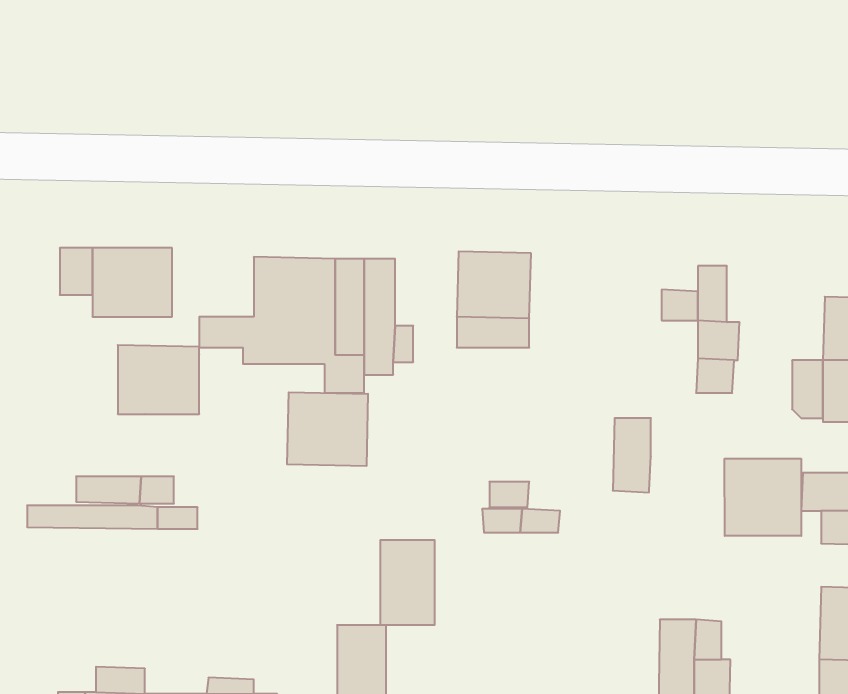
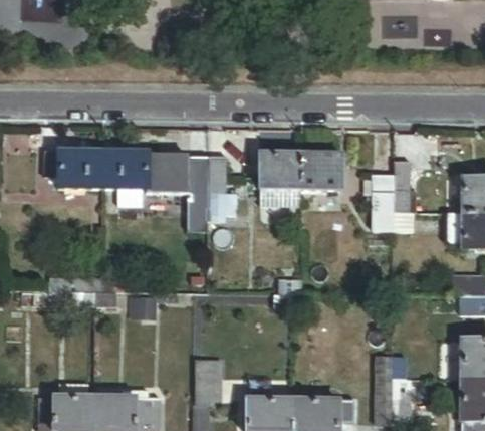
building: none -> [300,152,342,188]
building: [118,345,199,414] -> [102,149,148,187]
building: [287,392,368,466] -> none
building: [613,418,651,492] -> [373,189,394,230]
building: [725,459,801,536] -> none
building: [380,540,435,625] -> none

